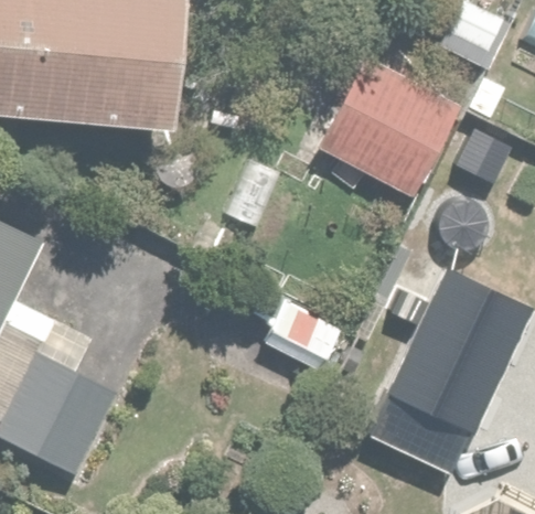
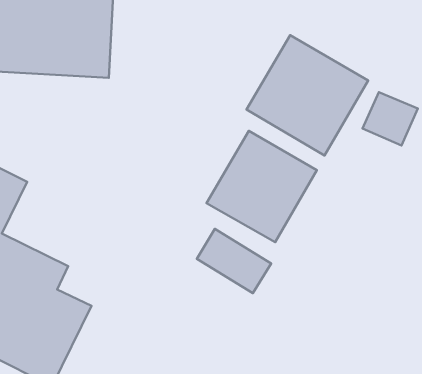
building: none -> [206,131,317,242]
building: [382,274,518,430] -> none

